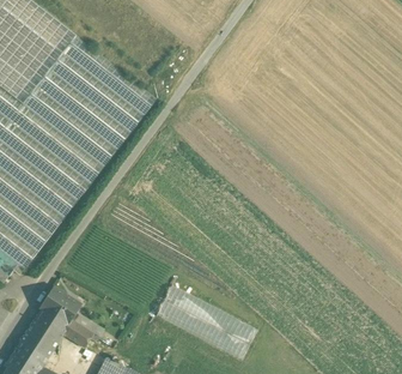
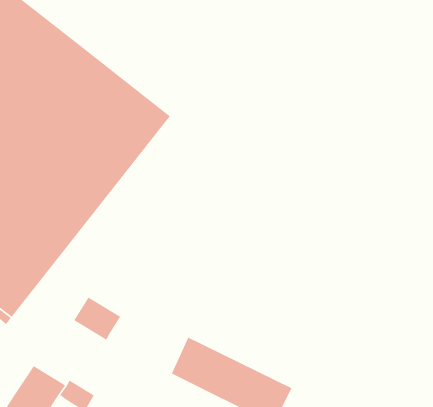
building: [42,288,81,325] -> [74,297,121,341]

